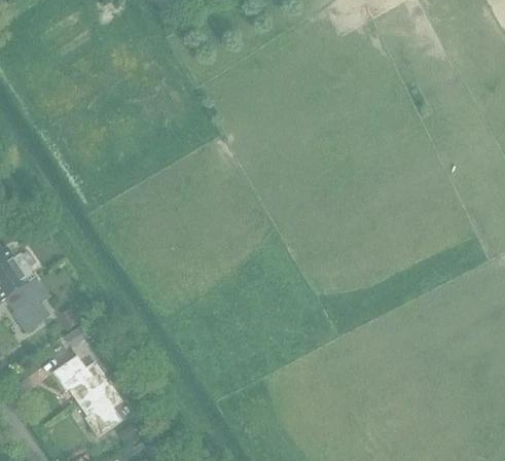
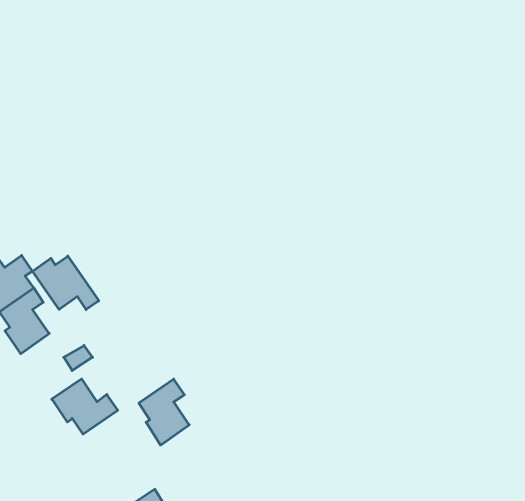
building: none -> [33,256,99,310]
building: [79,382,122,438] -> [139,379,189,445]

